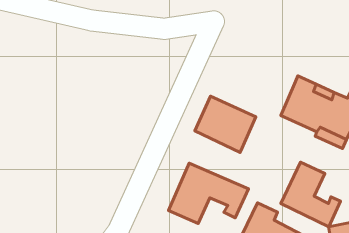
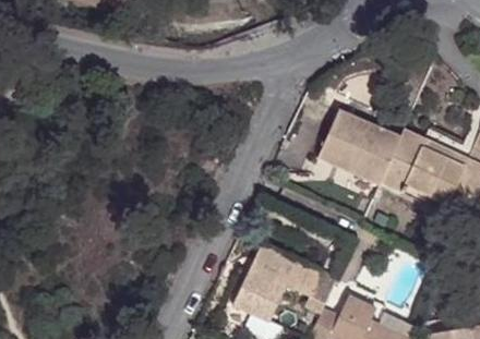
building: [195,96,256,152] -> [316,111,397,185]
building: [281,162,341,227] -> none

